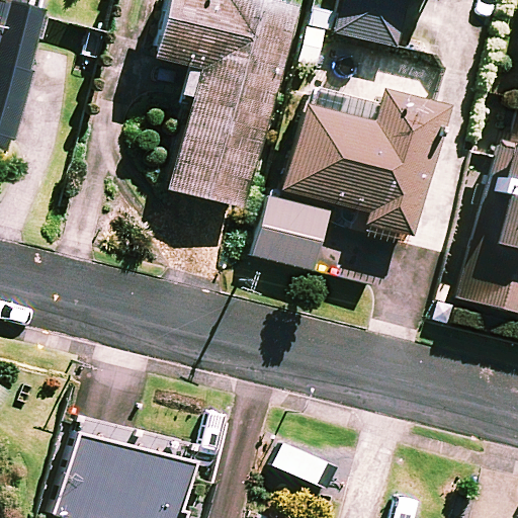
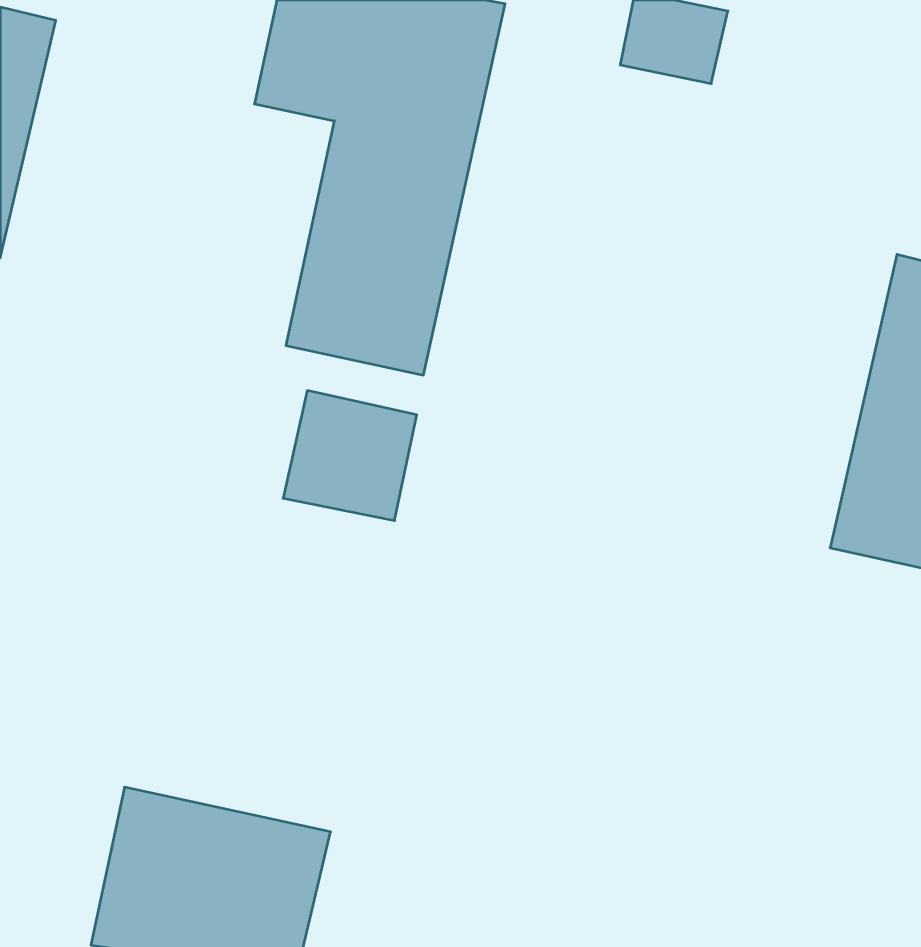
building: [285,90,446,239] -> none
building: [259,198,332,269] -> [283,391,417,521]

